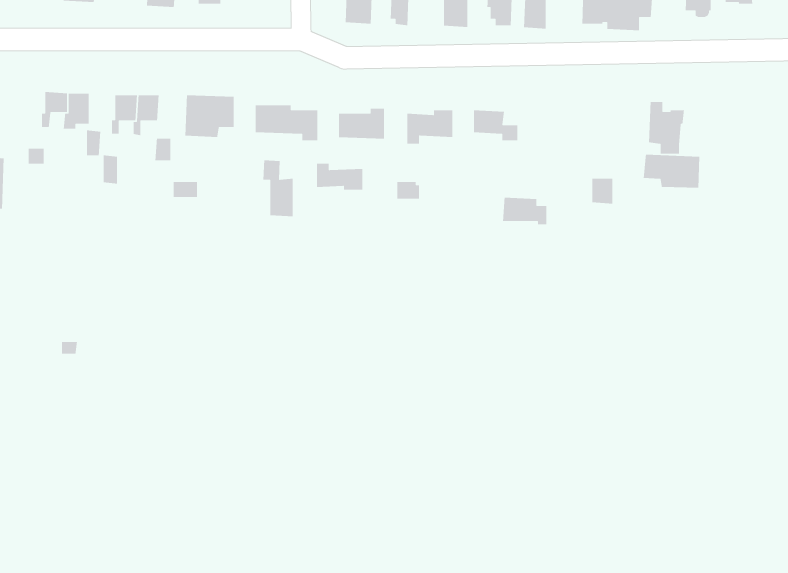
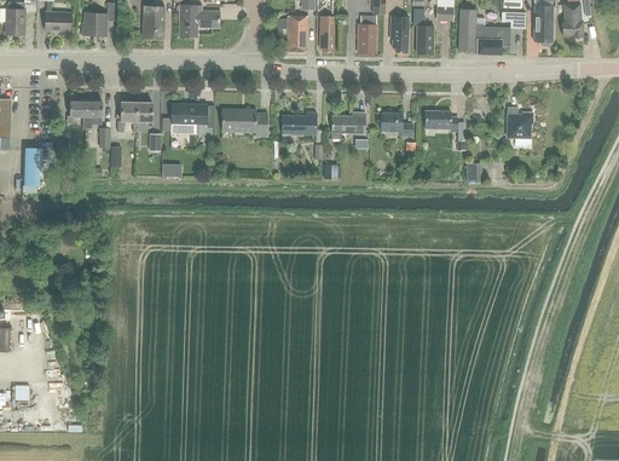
building: [643,154,700,189] -> none
building: [263,159,294,217] -> none
building: [316,163,363,190] -> none
building: [502,197,547,225] -> [424,110,457,131]

